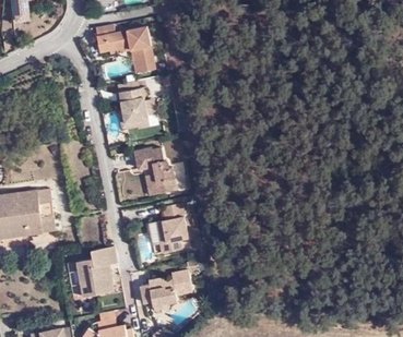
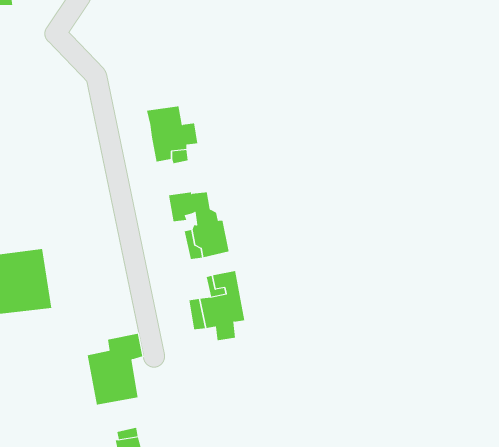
building: [96,24,155,72] -> none
building: [142,269,193,304] -> none

